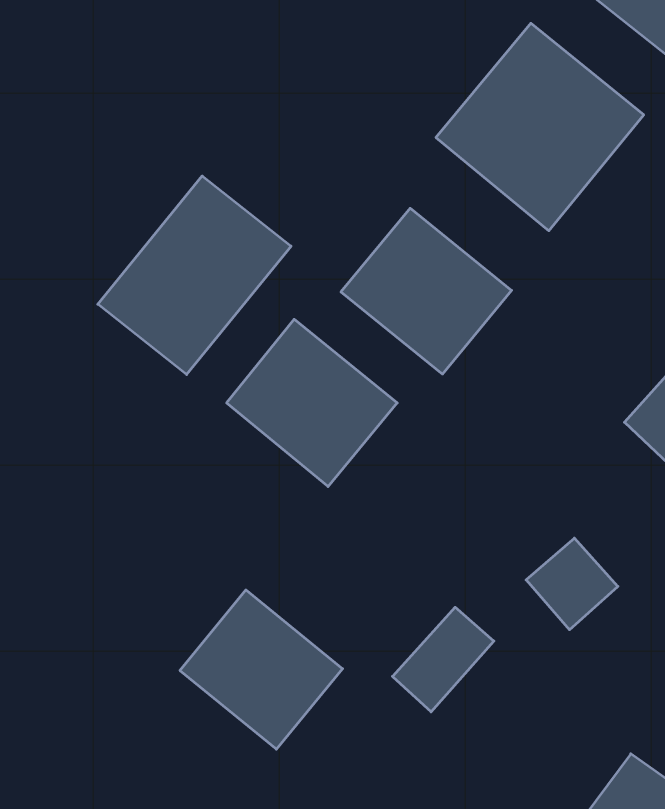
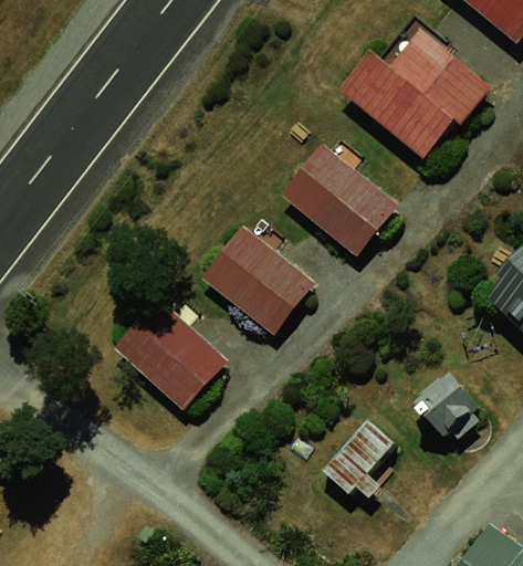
building: [98,176,291,375] -> none
building: [180,590,343,749] -> [127,315,239,424]

